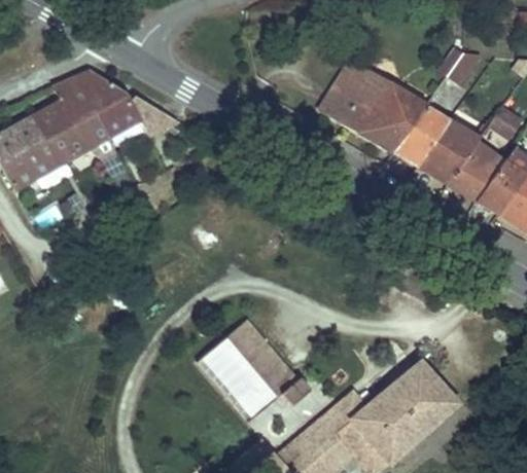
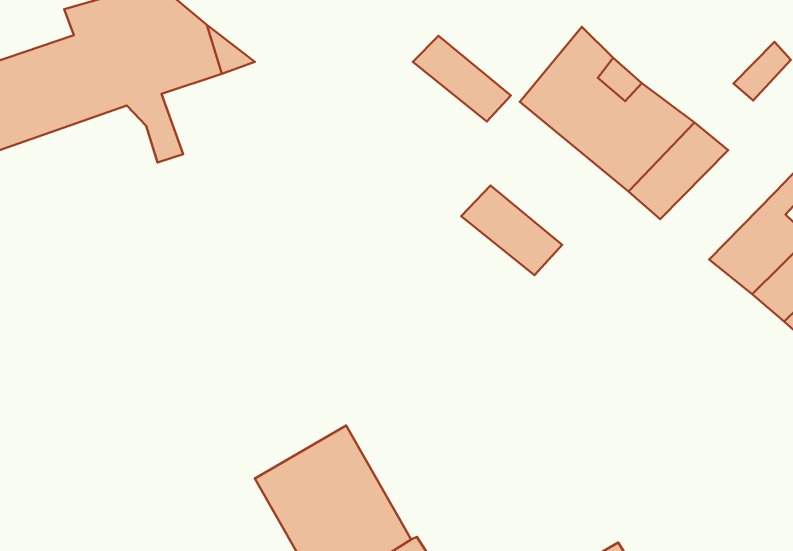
building: none -> [413,36,511,121]
building: [416,118,482,185] -> none
building: none -> [461,185,562,275]

